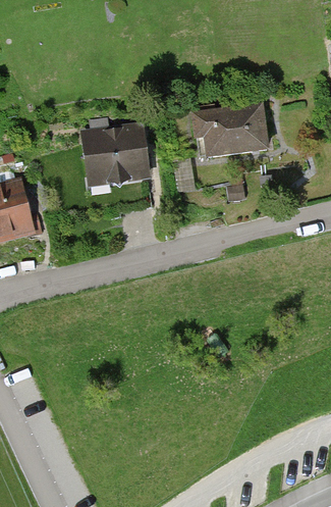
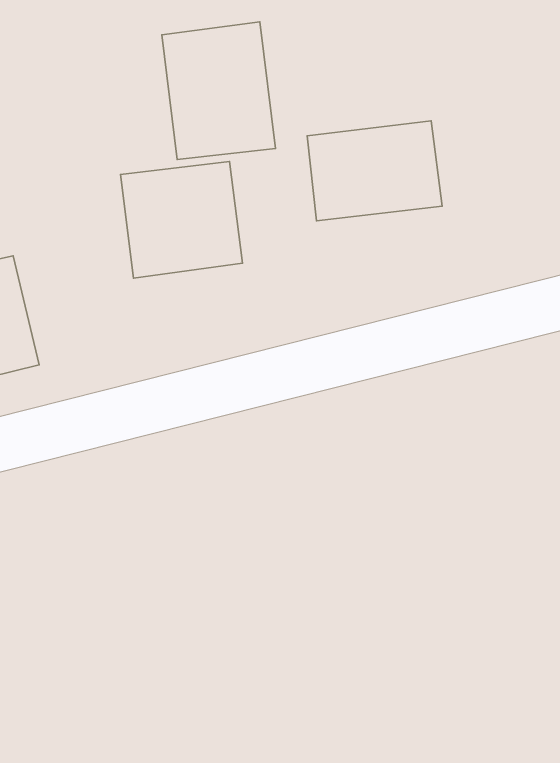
building: none -> [162,22,276,159]

